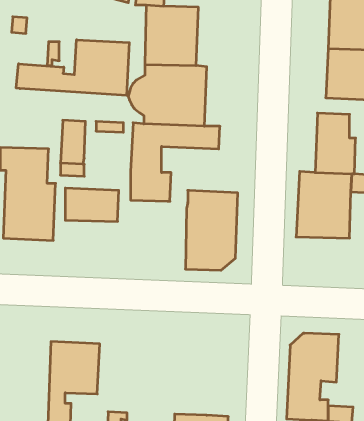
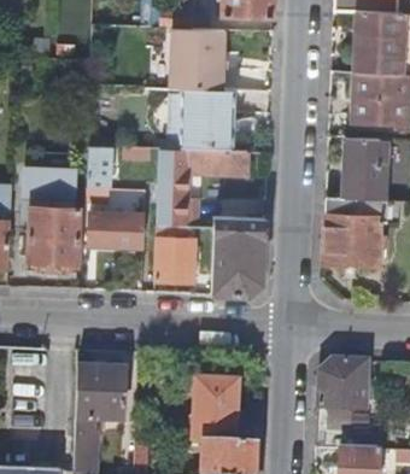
building: [16,40,129,95] -> none
building: none -> [154,226,195,282]
building: none -> [193,381,236,444]

